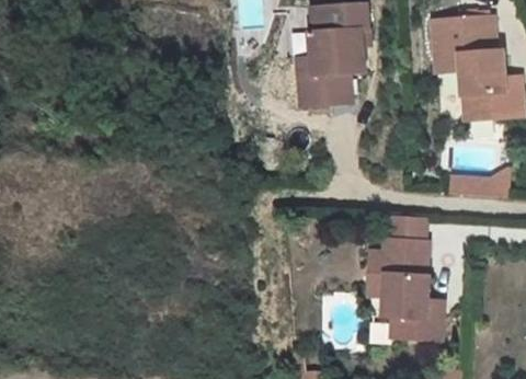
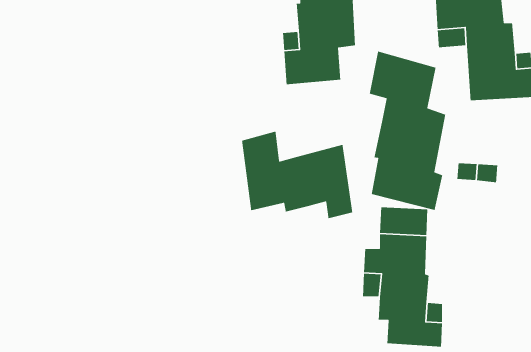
building: none -> [369,50,446,211]
building: none -> [241,131,353,219]

